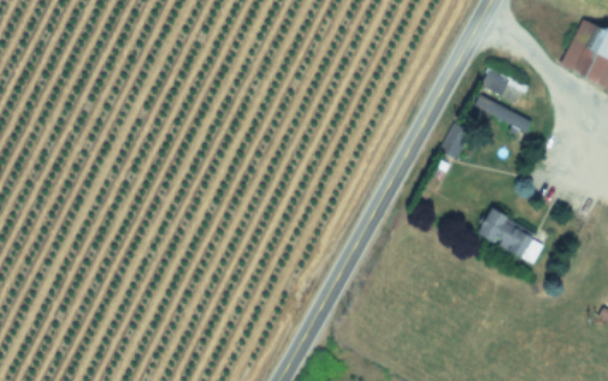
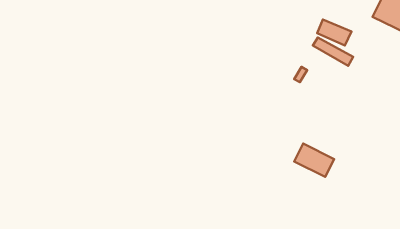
building: [476,209,535,258] -> [294,143,334,177]

